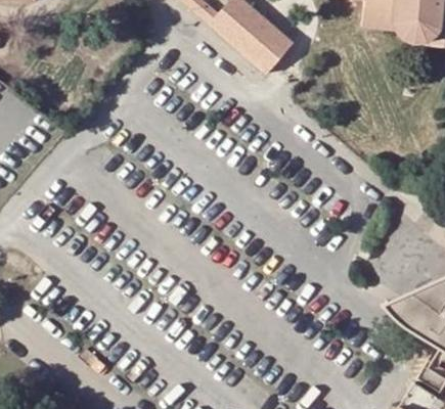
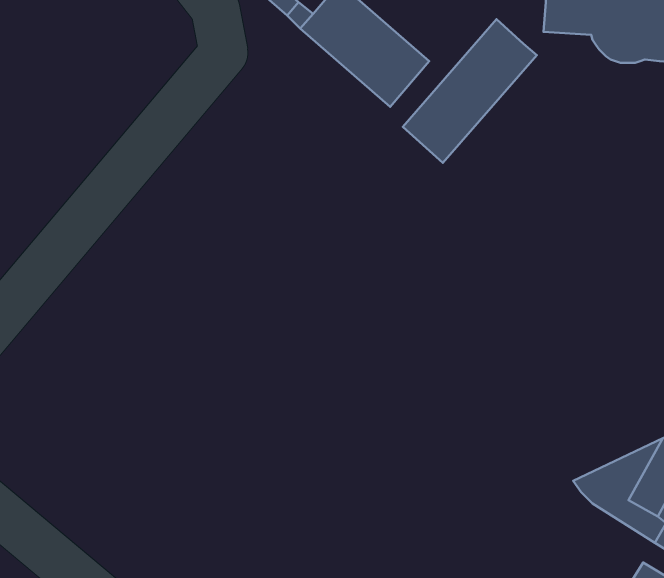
building: none -> [403,19,537,163]

